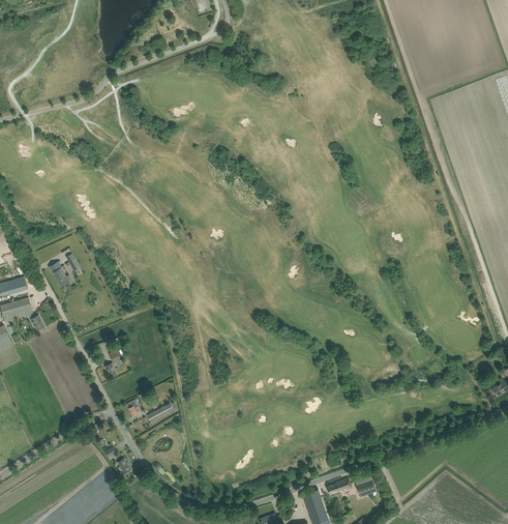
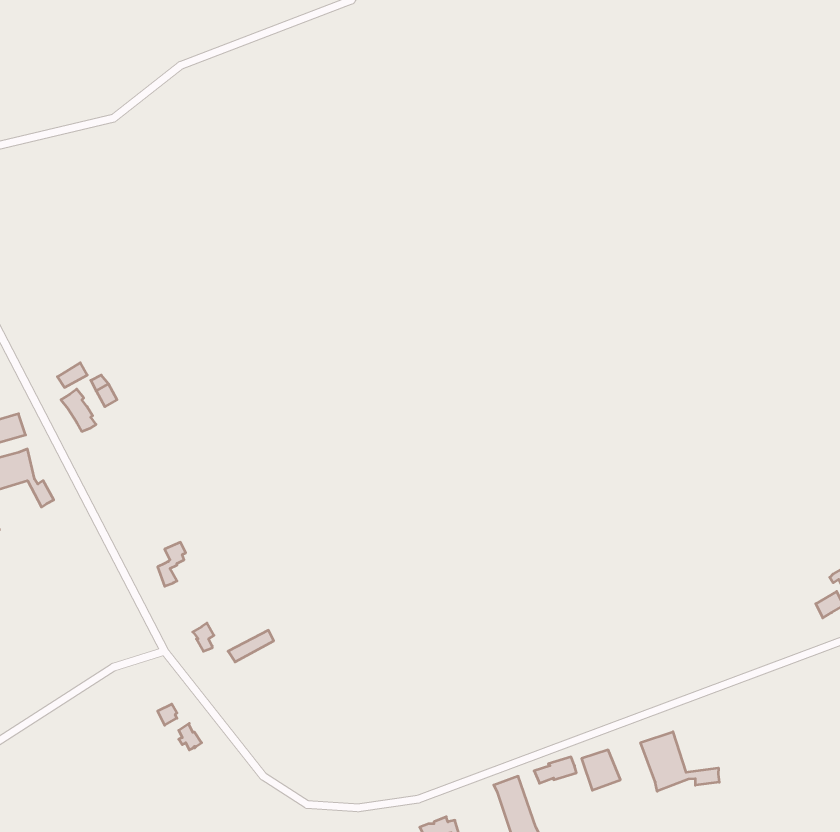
building: none -> [641,732,719,791]

